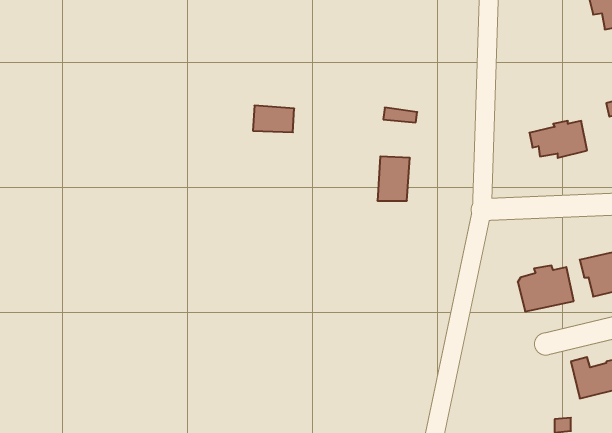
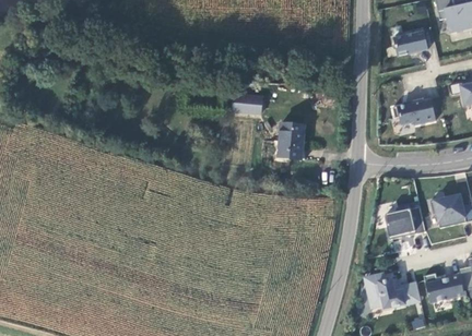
building: none -> [392,29,427,56]
building: [253,106,294,132] -> [233,96,263,116]
building: none -> [366,273,420,308]

